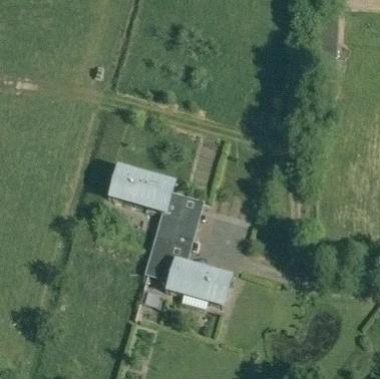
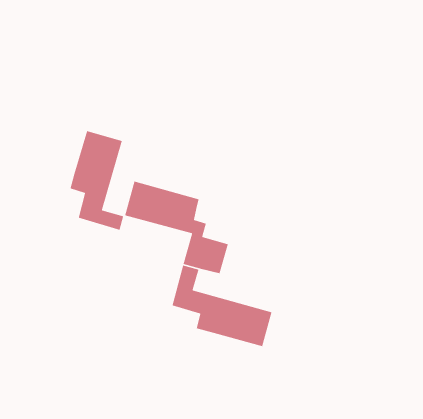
building: none -> [69,130,124,231]

